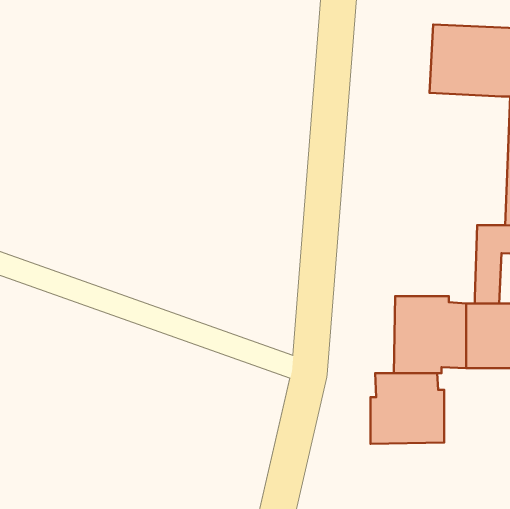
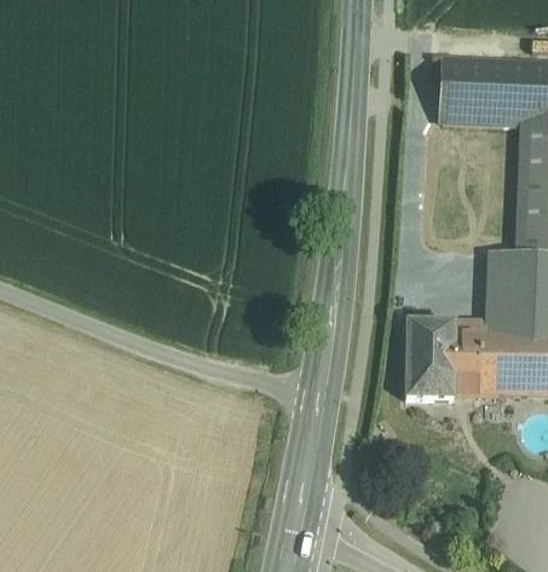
building: [370,373,444,444] -> none

